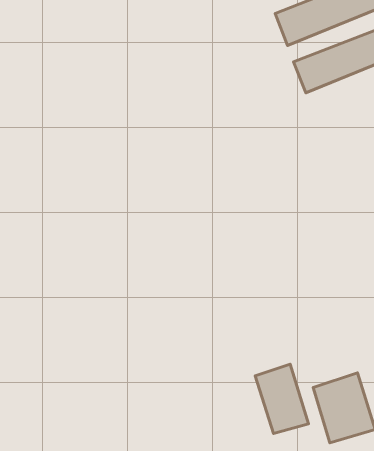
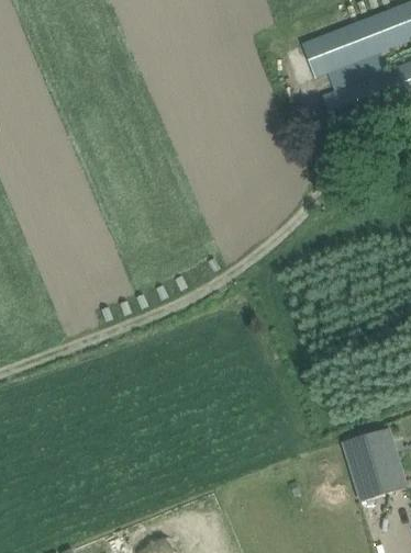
building: [255,364,308,434] -> none

